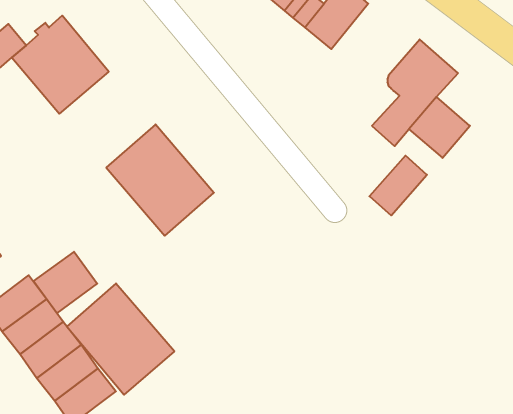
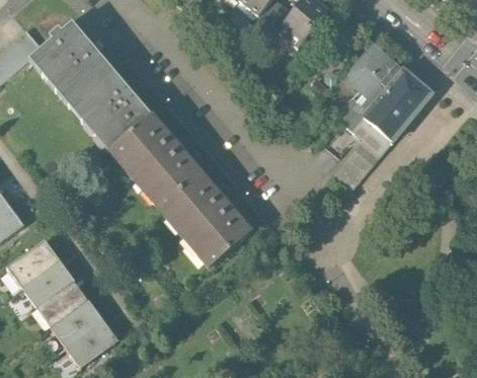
building: none -> [70,68,151,149]
building: none -> [389,69,434,114]
building: none -> [353,117,394,155]
building: [34,252,97,313] -> none
building: [67,283,174,395] -> [159,170,250,264]

